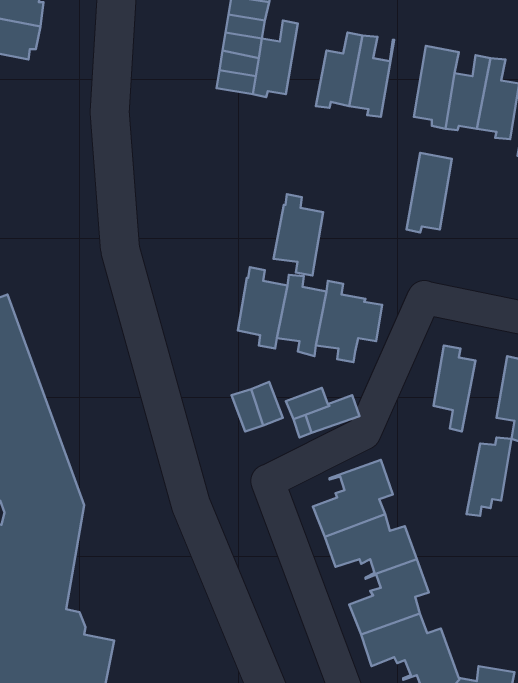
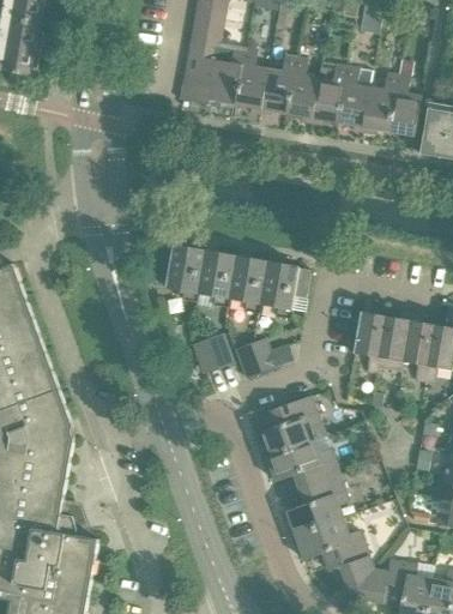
building: none -> [235,48,267,114]
building: [407,153,452,233] -> [310,61,346,125]
building: [273,194,323,275] -> [164,236,204,301]
building: [466,437,512,516] -> [375,312,411,374]

